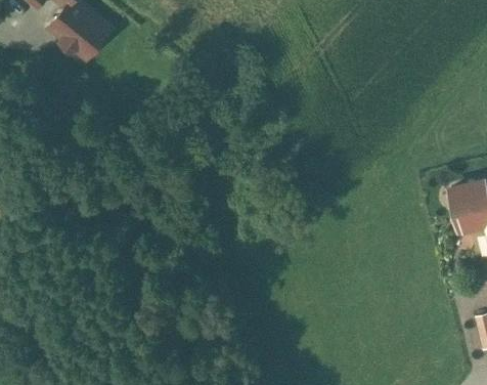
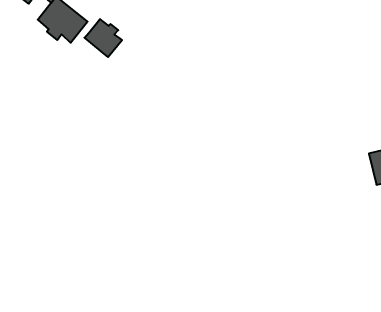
building: none -> [84,19,122,57]

